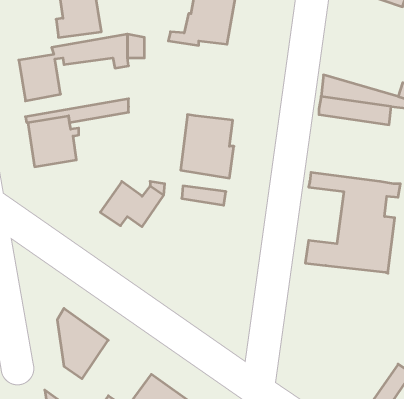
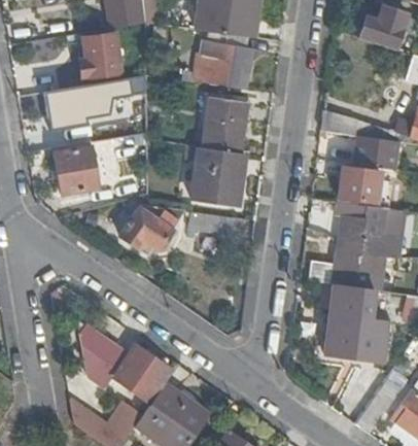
building: none -> [207,96,252,152]
building: none -> [338,167,390,209]
building: none -> [323,283,387,359]
building: none -> [104,346,171,400]

